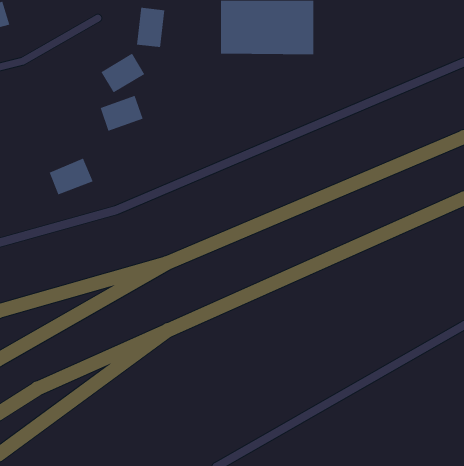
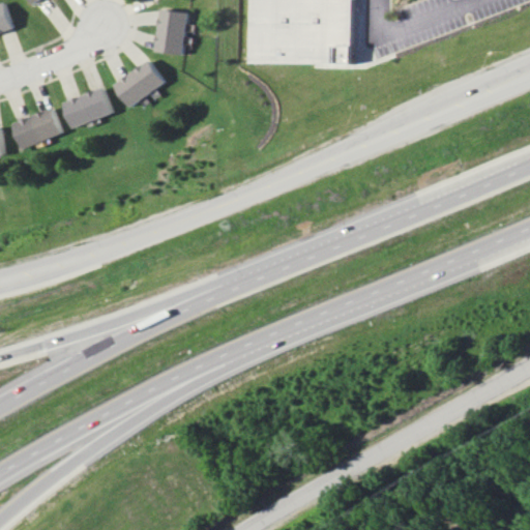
building: [100,95,144,132] -> [62,87,112,128]
building: [49,158,93,195] -> [11,107,62,149]

